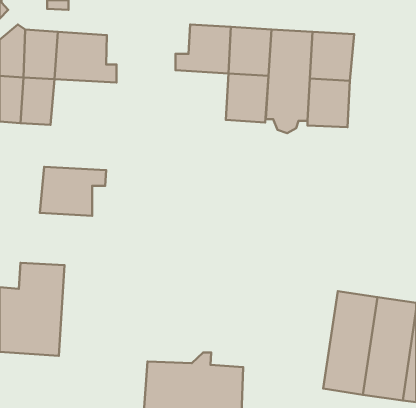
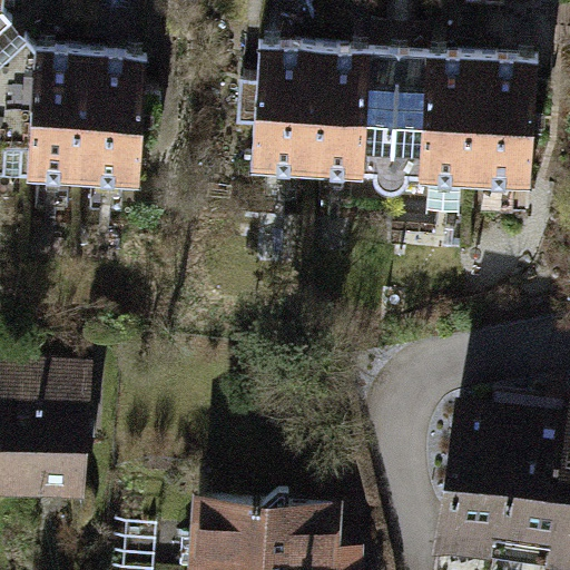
building: none -> [474,59,538,189]
building: none -> [238,108,312,176]
building: [40,167,106,216] -> [69,120,159,187]

